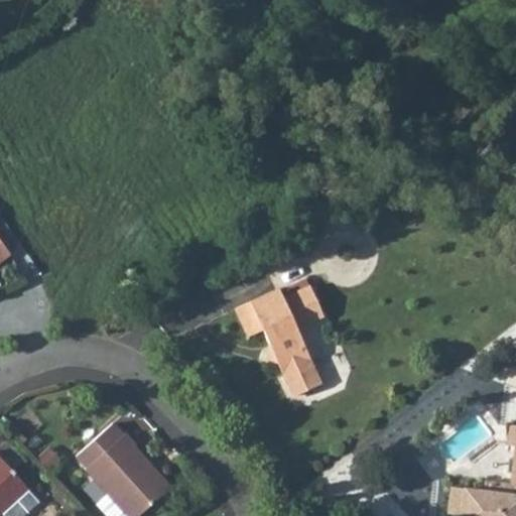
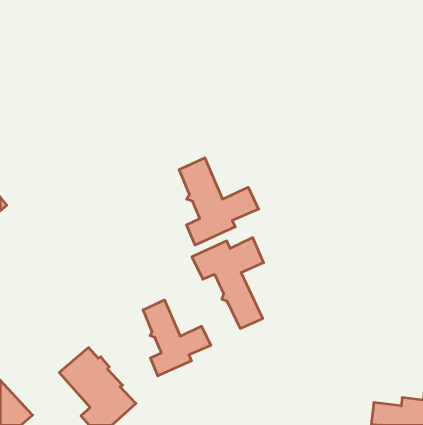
building: none -> [179,158,259,245]
building: none -> [143,300,211,376]

